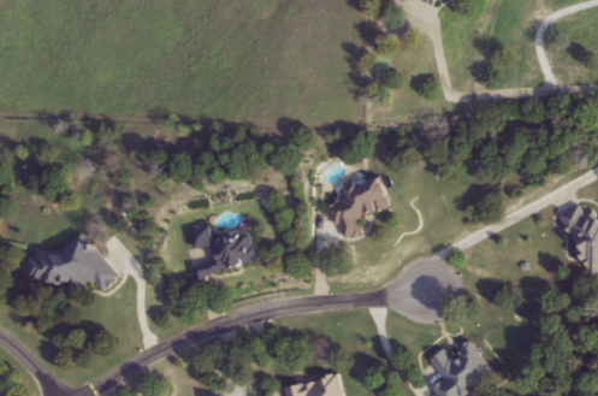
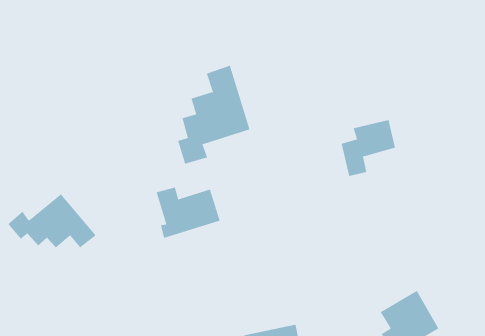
building: none -> [177,65,250,165]
building: [326,176,386,238] -> [341,119,396,177]

